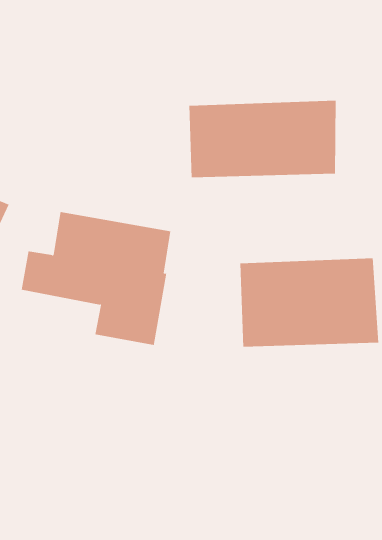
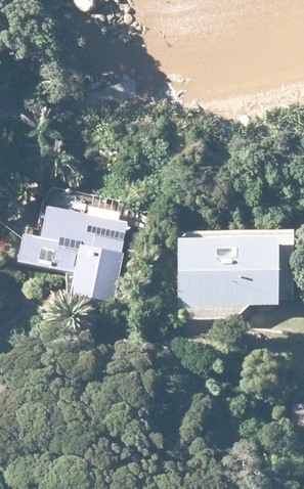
building: [189,100,336,178] -> none

